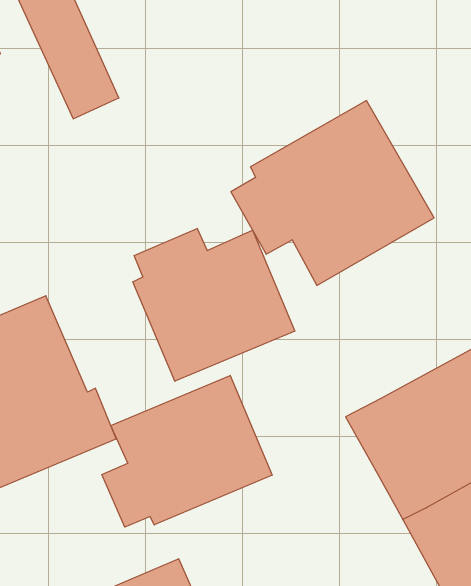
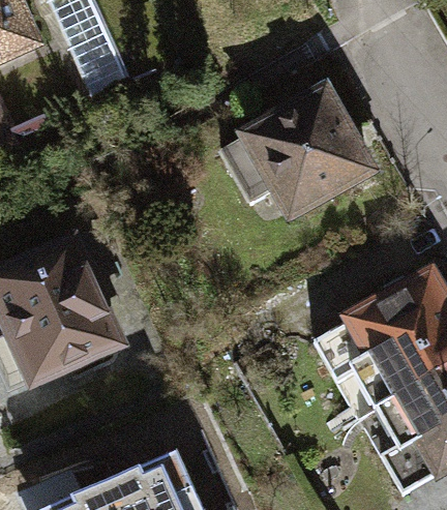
building: [133,228,295,381] -> none
building: [102,375,272,527] -> none

